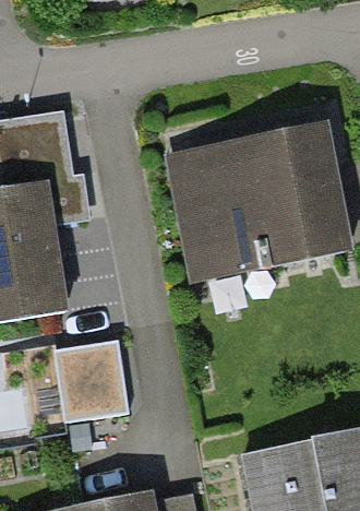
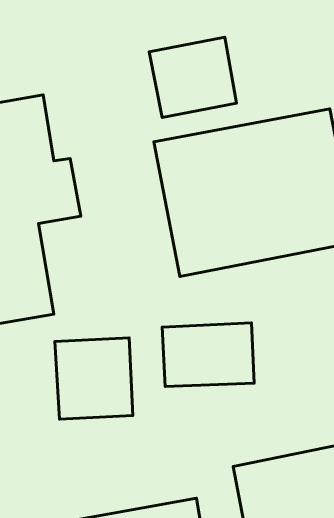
building: none -> [149,37,236,117]
building: none -> [162,323,254,387]

